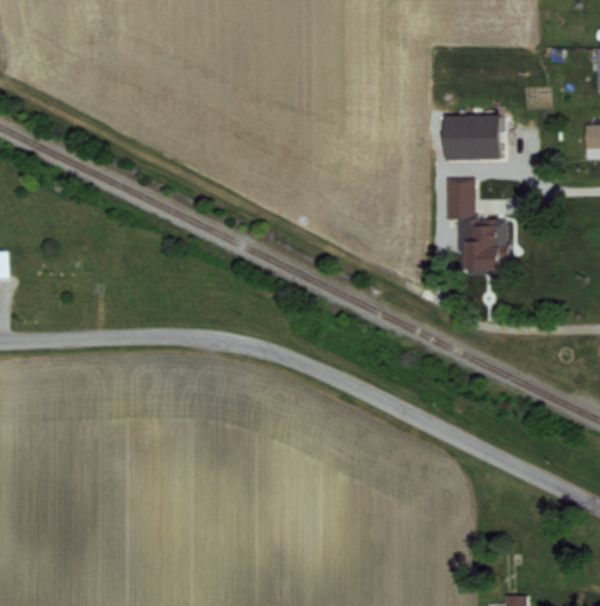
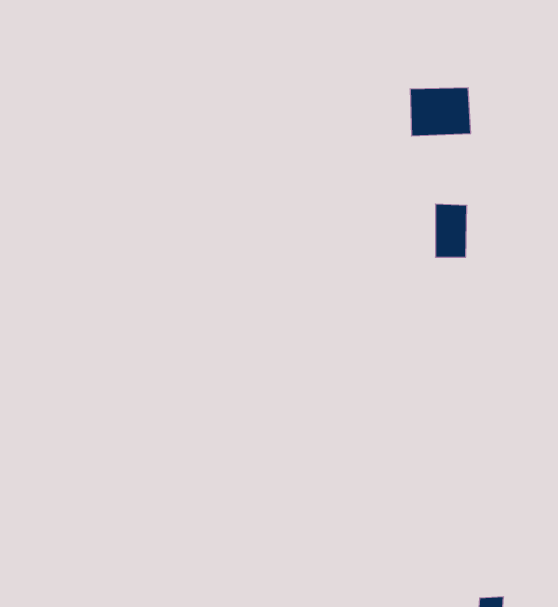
building: [447,181,477,217] -> none

